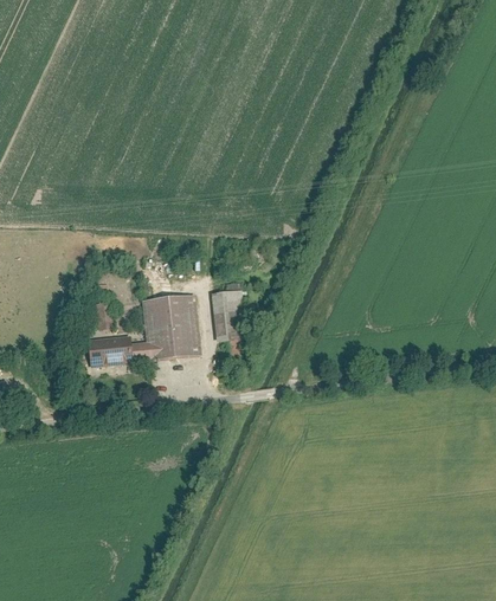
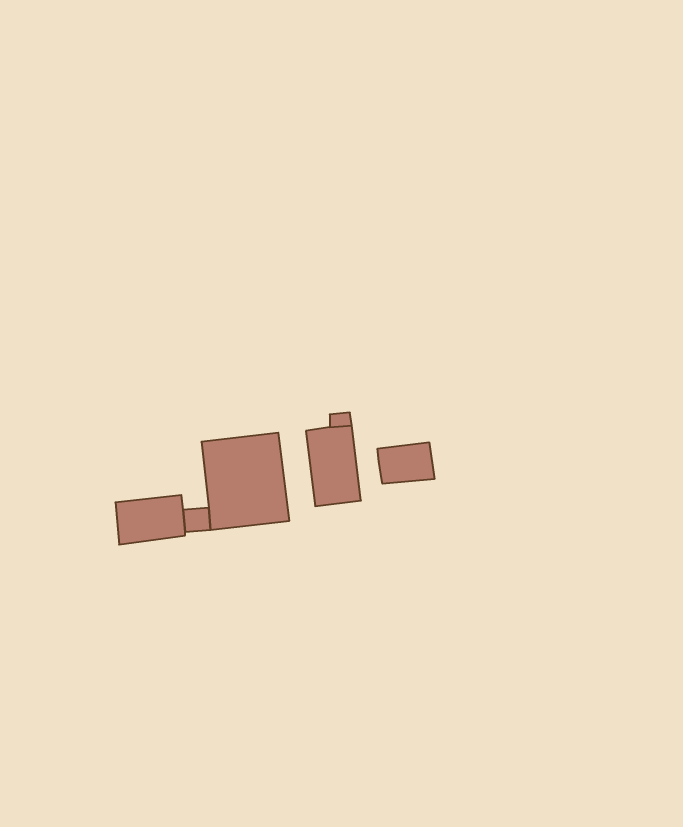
building: none -> [378,442,434,484]

